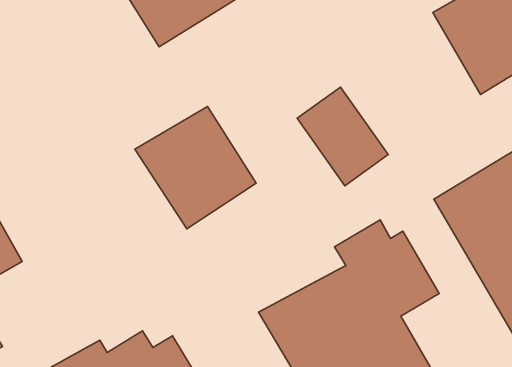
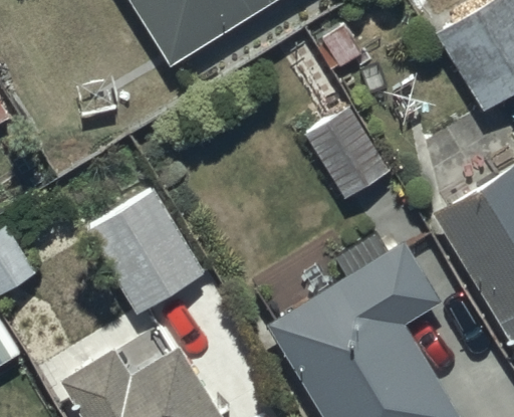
building: [135,107,256,229] -> [85,193,203,311]

